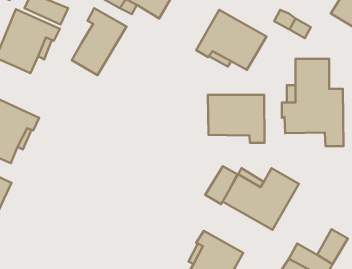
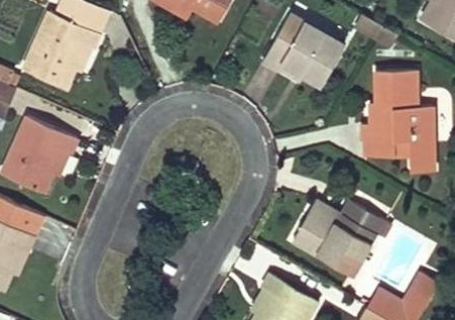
building: [72,8,127,75] -> none
building: [208,95,265,143] -> none
building: [205,166,237,204] -> none

